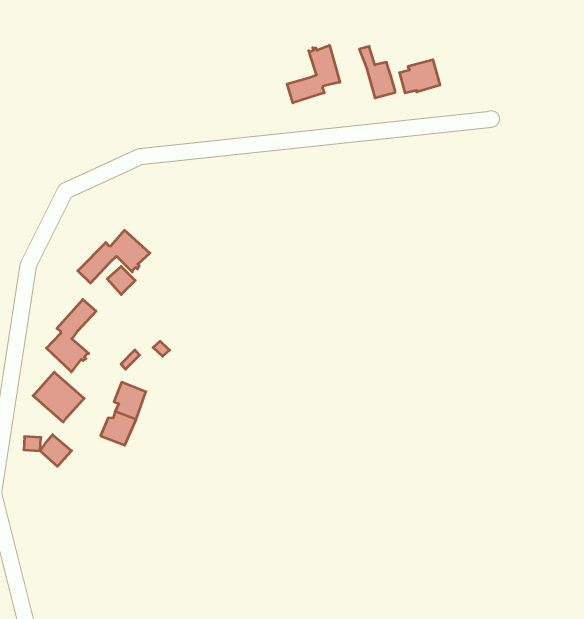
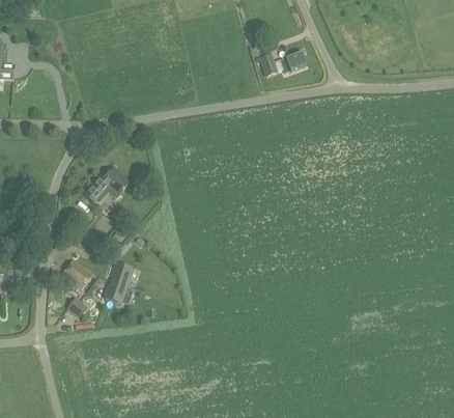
building: [287,45,340,103] -> none
building: [46,299,96,372] -> none

